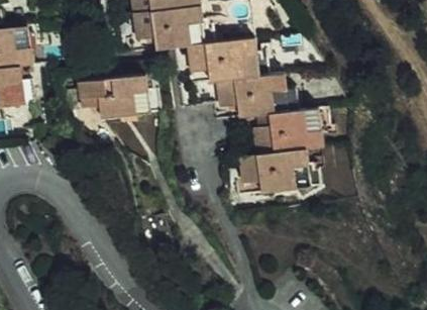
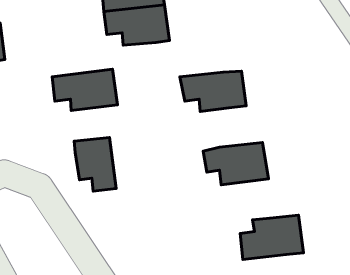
building: [190,40,260,84] -> none
building: [253,111,320,158] -> [240,215,303,259]
building: none -> [74,137,116,191]

